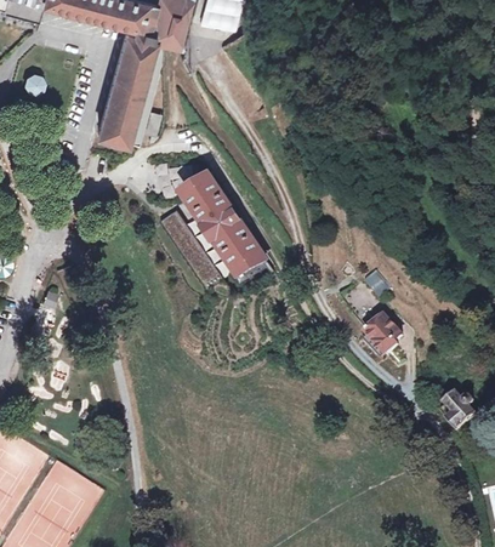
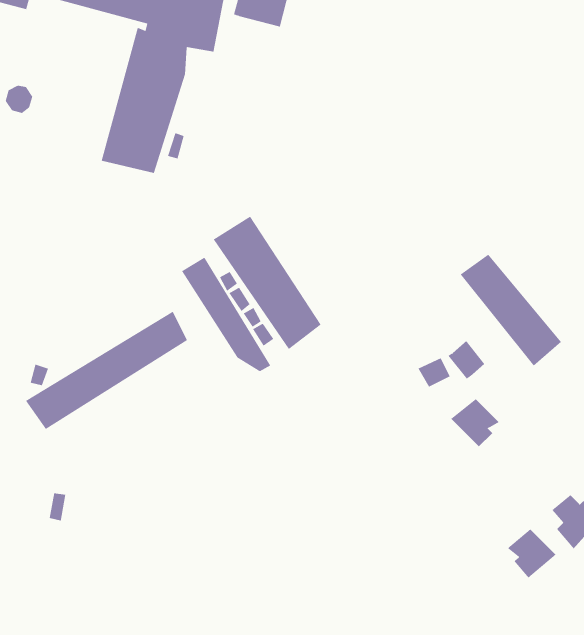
building: none -> [460,254,562,367]
building: none -> [25,311,188,430]
building: none -> [507,528,557,579]

